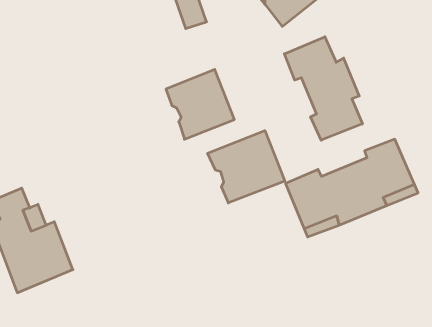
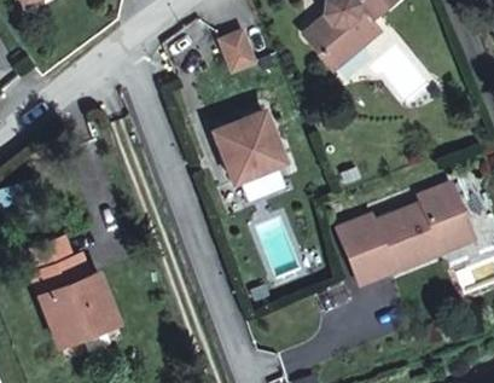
building: [284,37,362,140] -> none
building: [208,131,285,203] -> none

